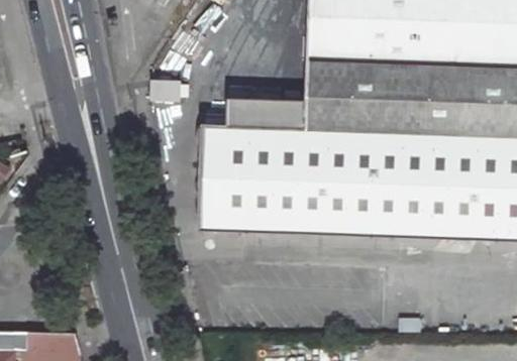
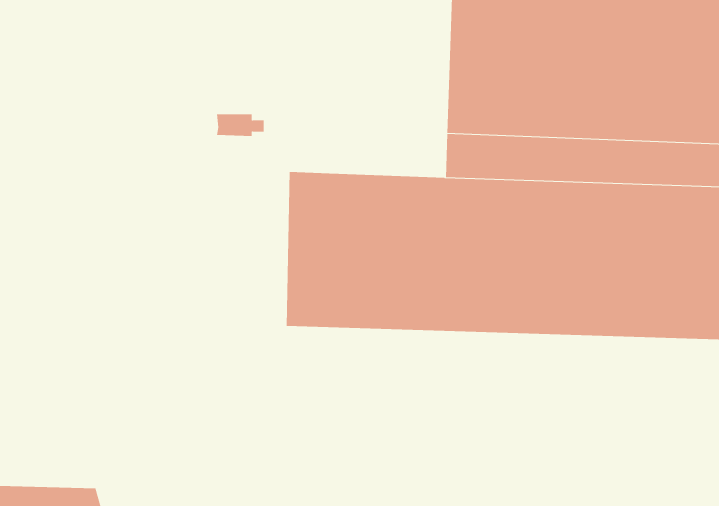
building: [229,98,307,129] -> none

